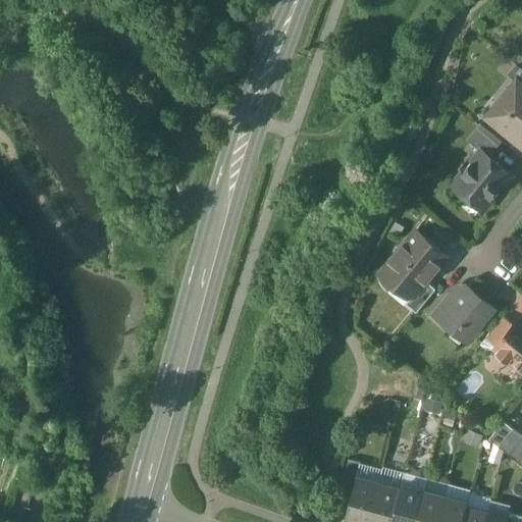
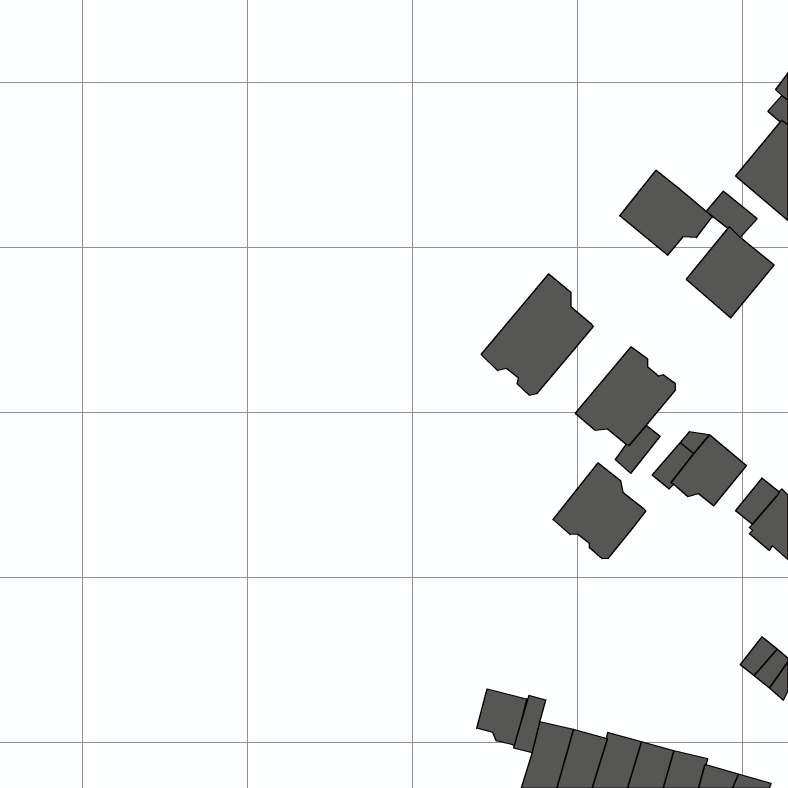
building: none -> [620,170,713,255]
building: none -> [481,274,593,395]
building: none -> [553,463,646,559]
building: none -> [477,689,527,746]

